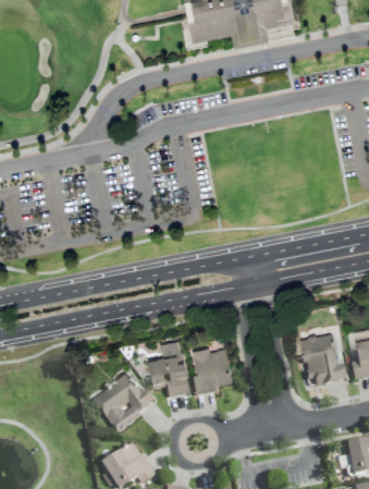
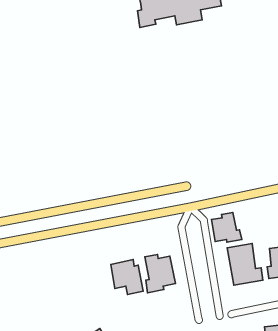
building: none -> [211,213,242,242]
building: [94,369,155,430] -> none

